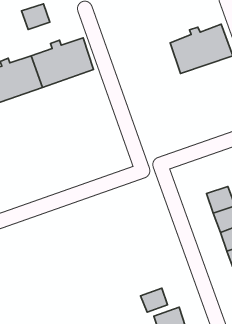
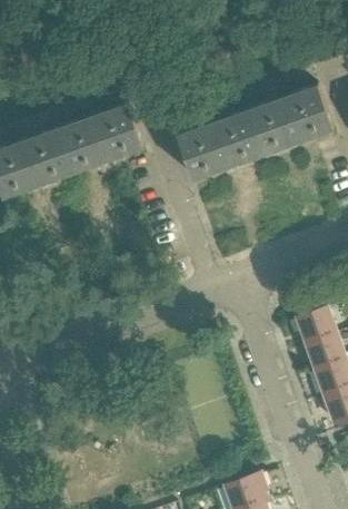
building: [21,4,50,30] -> none
building: none -> [178,110,262,178]
building: [140,288,167,312] -> none

